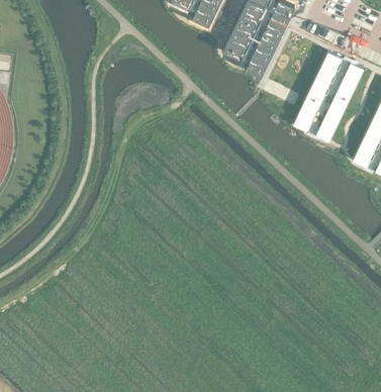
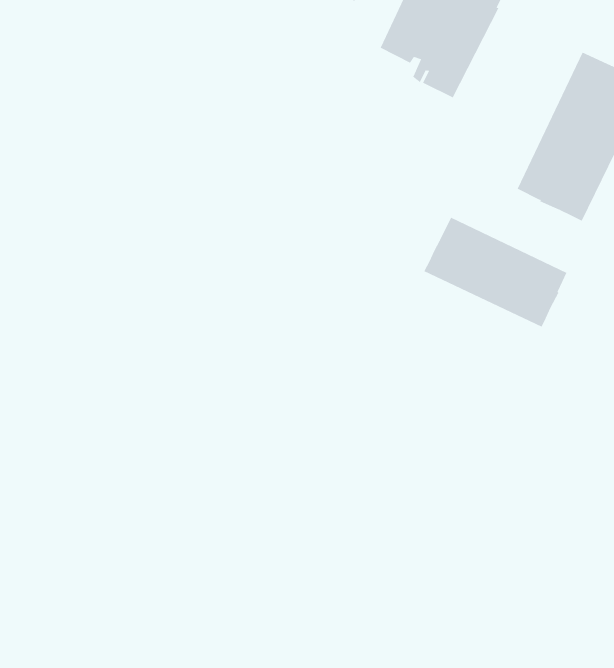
building: none -> [423,217,567,328]

